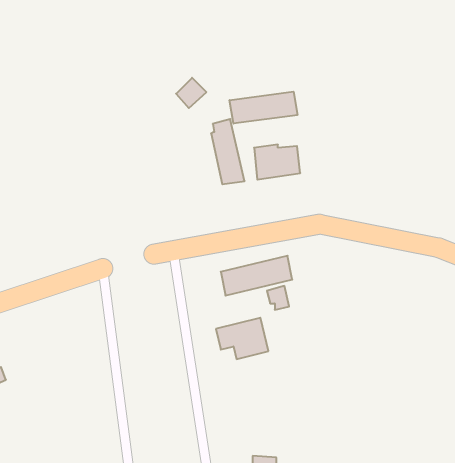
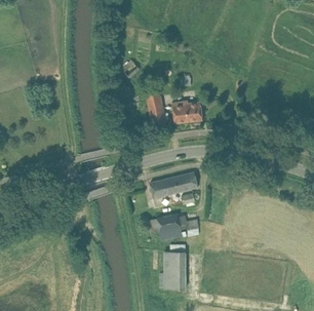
building: [230,92,297,124] -> none
building: none -> [162,250,186,289]

